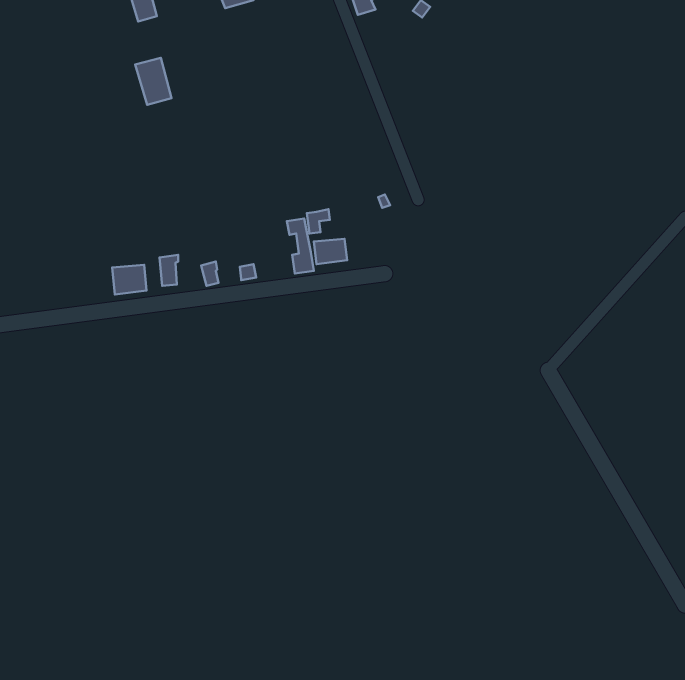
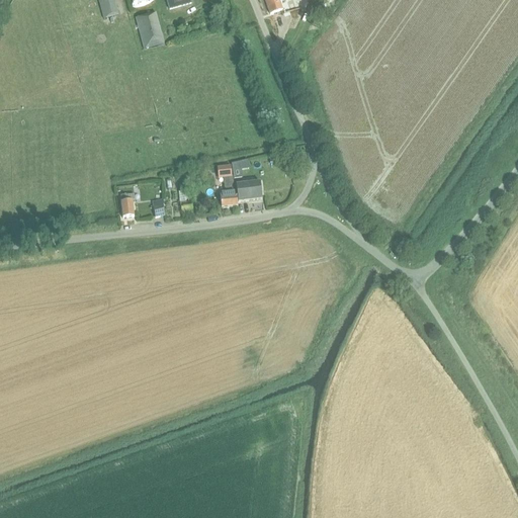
building: [135,58,171,105] -> [136,11,163,47]
building: [112,265,146,295] -> none

